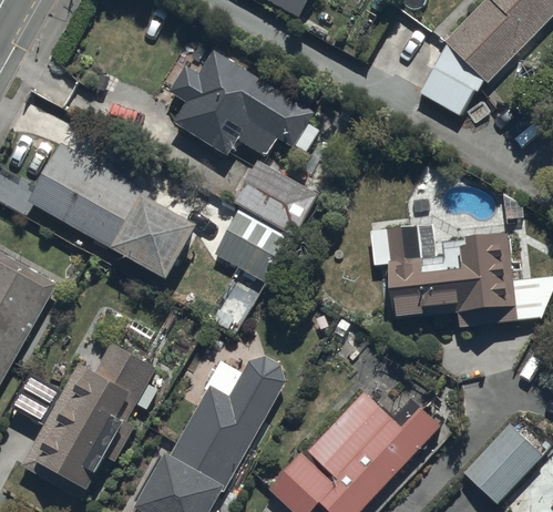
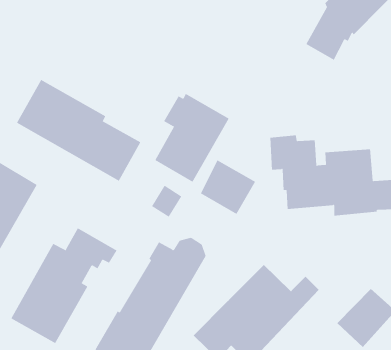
building: [168,51,319,160] -> none
building: none -> [200,160,256,215]

